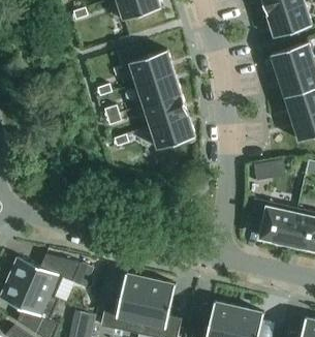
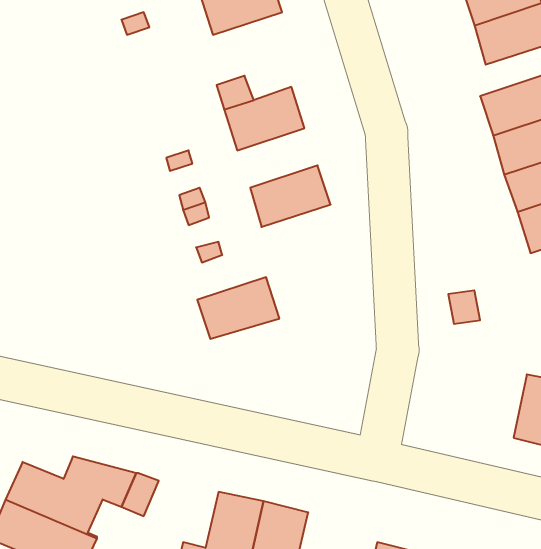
building: [136,72,181,105] -> none
building: [150,115,195,149] -> [197,277,279,339]
building: [250,200,296,244] -> none

